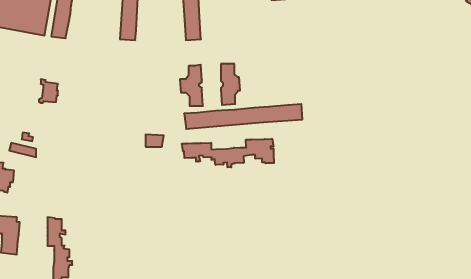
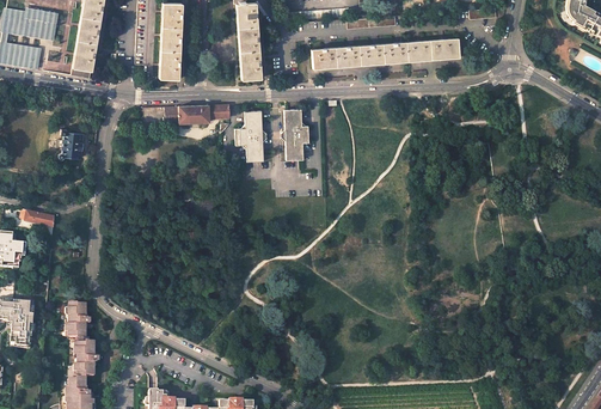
building: none -> [166,105,229,123]
building: [184,104,302,129] -> [312,38,460,69]
building: [182,139,274,167] -> none

